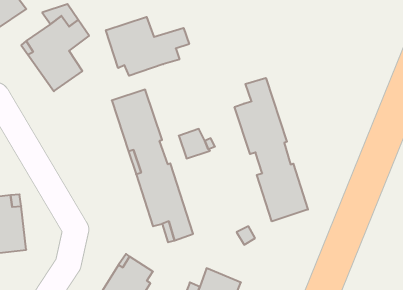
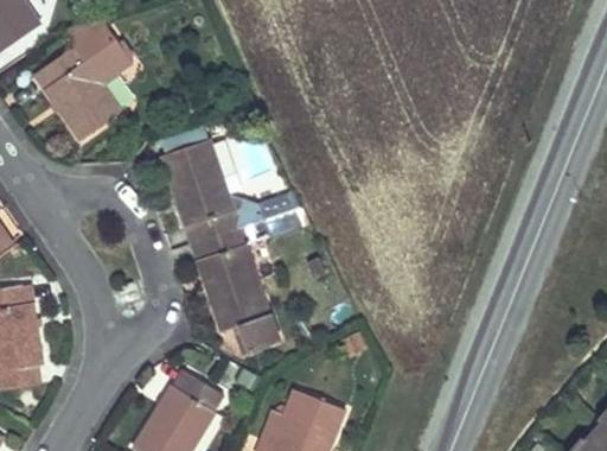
building: [106,17,189,76] -> none
building: [235,78,308,221] -> none

